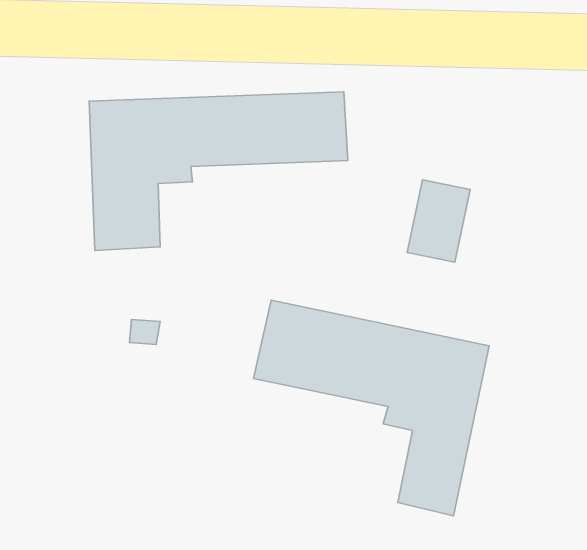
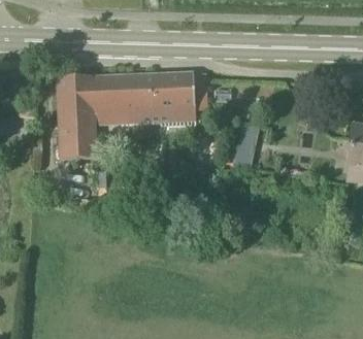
building: [254,300,489,516] -> none

